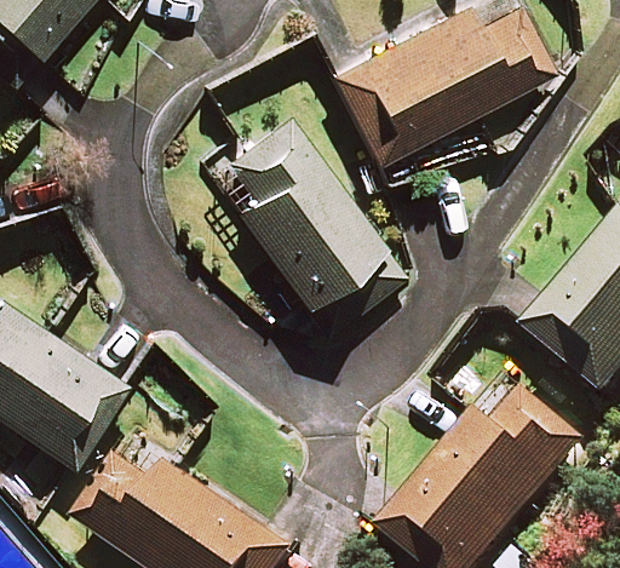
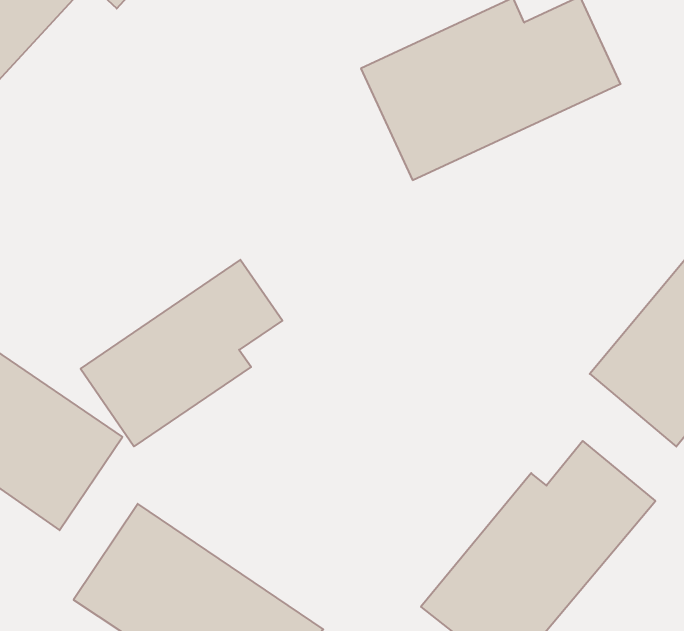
building: [207,115,398,333] -> none
building: none -> [81,260,282,446]

